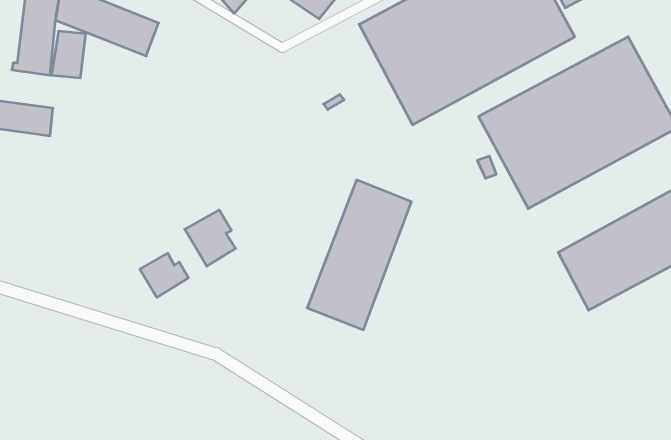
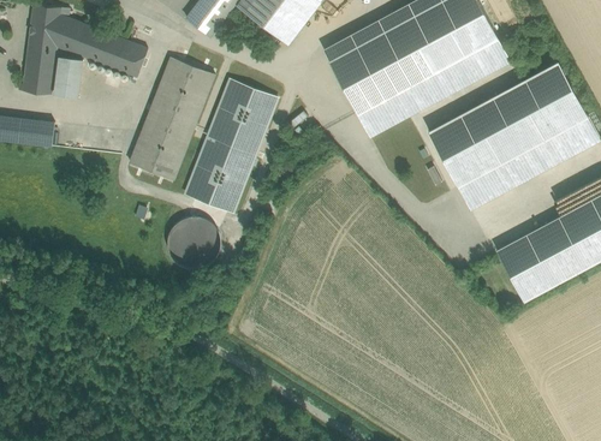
building: none -> [129,56,214,179]
building: [307,180,411,330] -> [185,79,276,210]
building: [140,253,188,297] -> none

